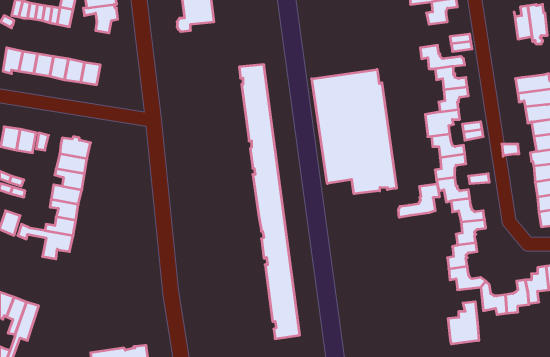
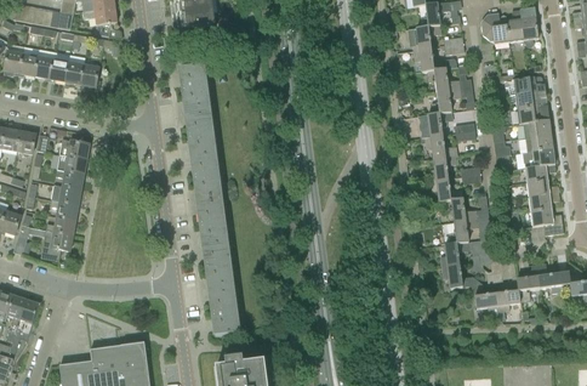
building: none -> [480,12,509,45]
building: none -> [408,24,440,50]
building: [239,65,300,339] -> [179,64,239,334]
building: [312,69,397,194] -> none
building: [398,184,439,217] -> none
building: [448,302,479,344] -> none

